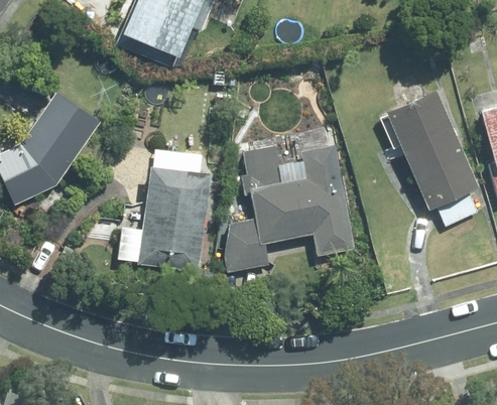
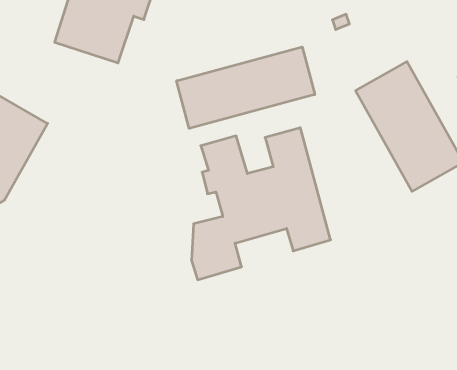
building: none -> [177,47,315,128]
building: [138,163,213,271] -> none

